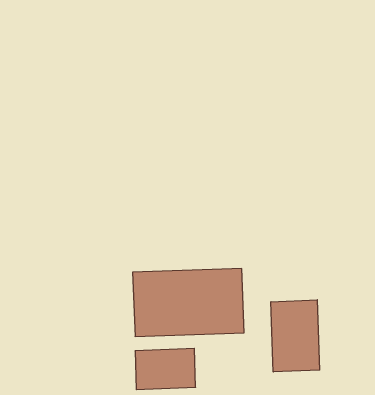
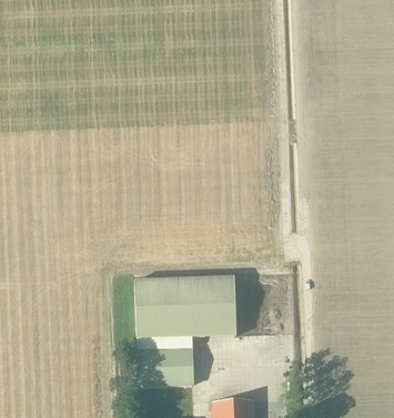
building: [271,300,320,372] -> none

